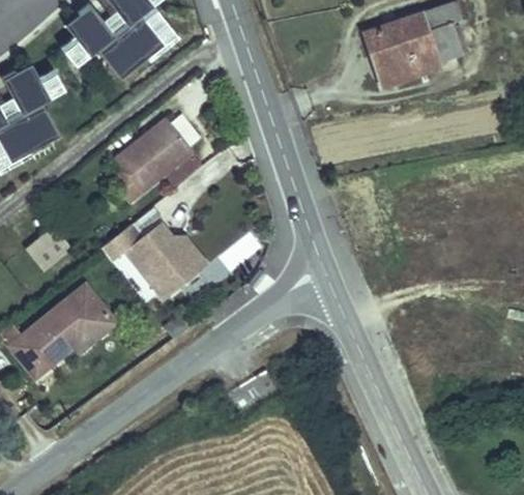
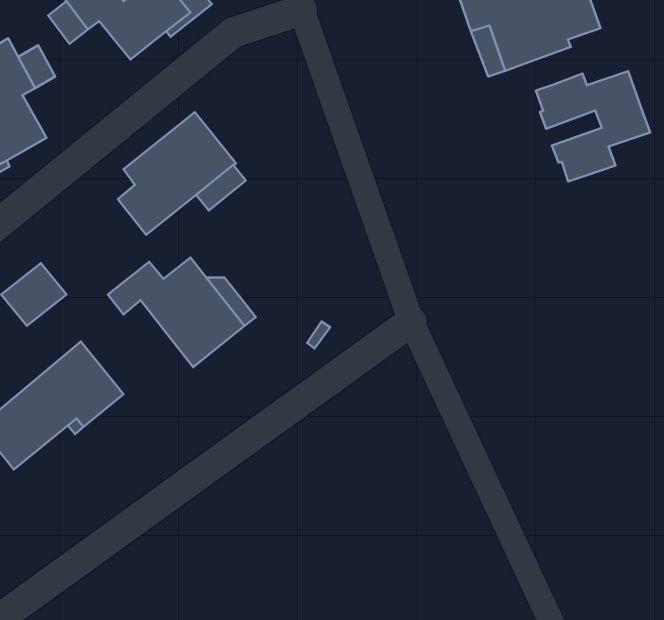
building: none -> [536,71,650,182]

